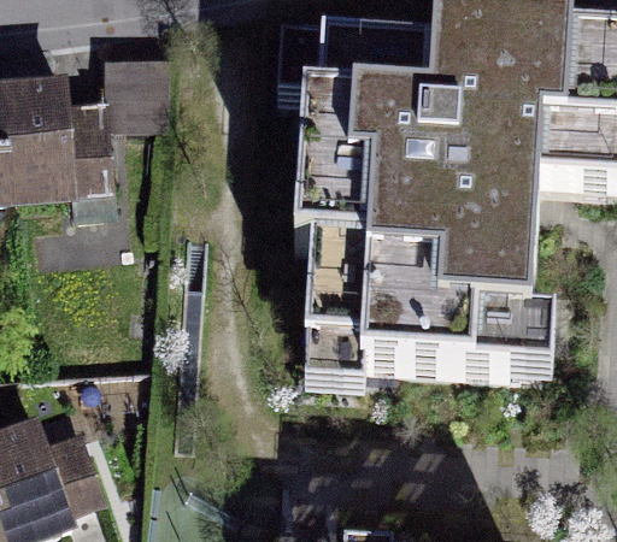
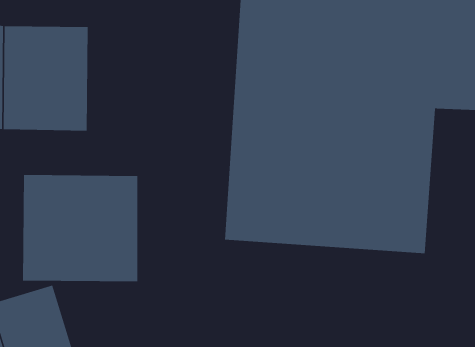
building: none -> [23,174,138,282]

